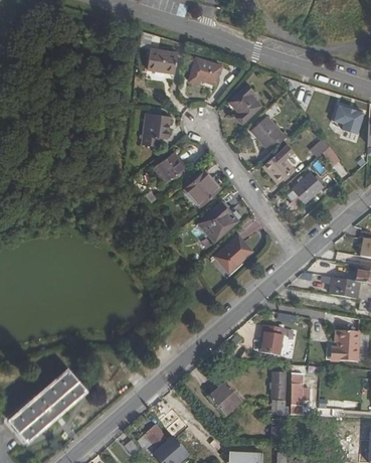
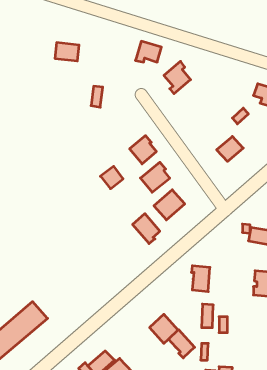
building: [147,46,176,68] -> [55,43,79,61]
building: [247,110,288,147] -> none
building: [138,111,171,145] -> none
building: [158,150,185,177] -> [100,166,123,189]
building: [262,150,294,181] -> none
building: none -> [133,214,160,244]
building: none -> [169,330,195,358]

